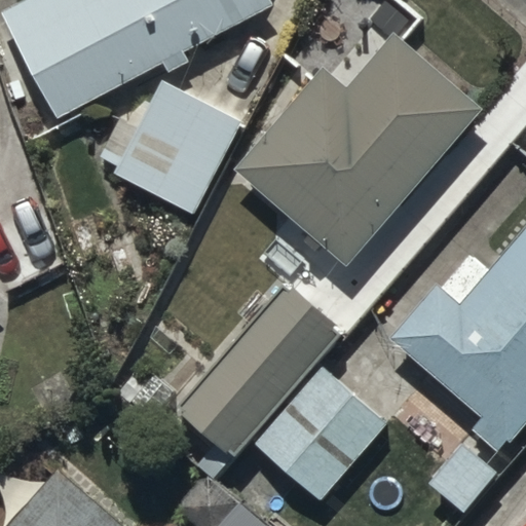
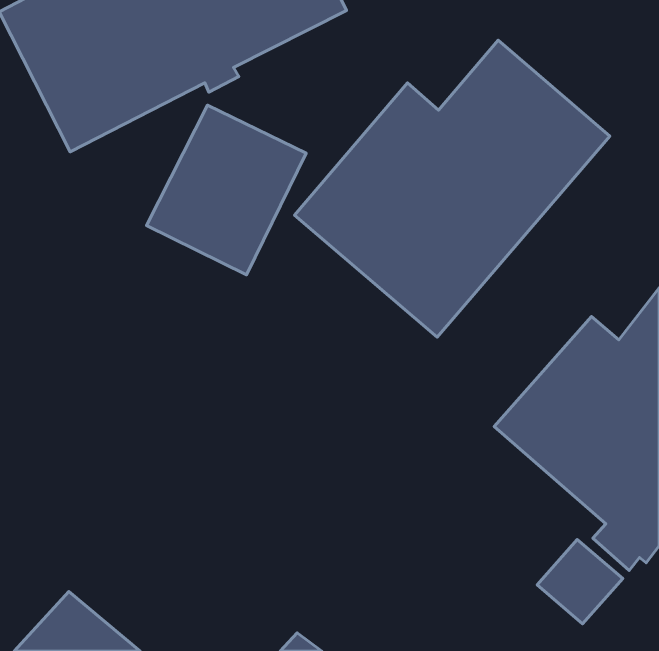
building: [174,274,343,474] -> none
building: [252,364,391,504] -> none

